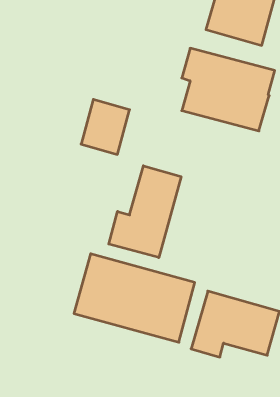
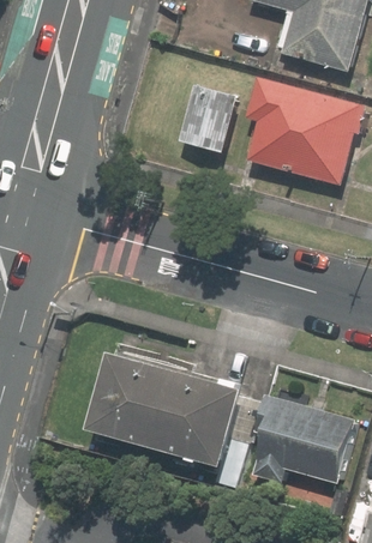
building: [81,99,130,154] -> [172,89,234,159]
building: [109,166,181,258] -> none

